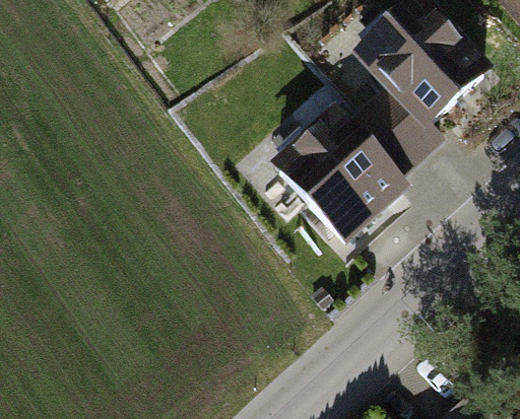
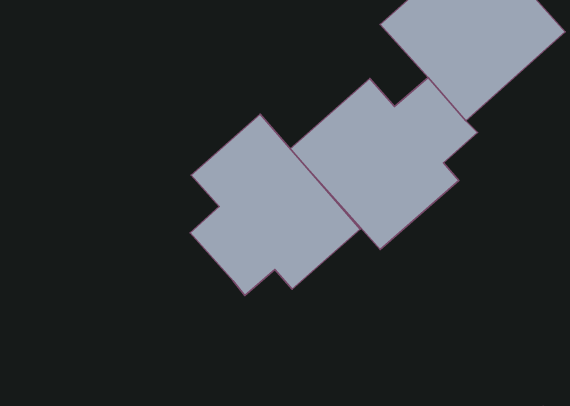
building: none -> [190,114,360,295]

